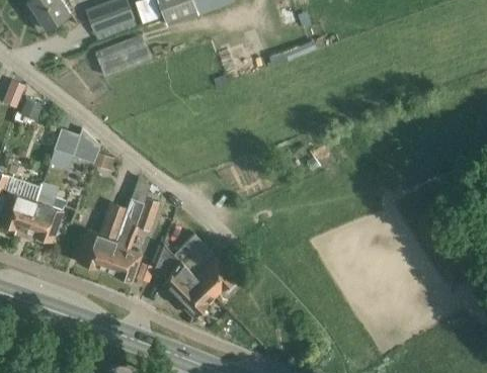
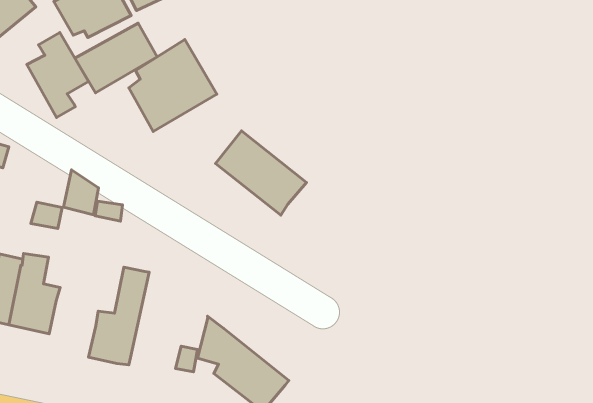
building: none -> [27,32,88,117]
building: none -> [129,40,217,131]
building: [103,198,158,281] -> none
building: [173,235,235,297] -> [216,131,307,215]

